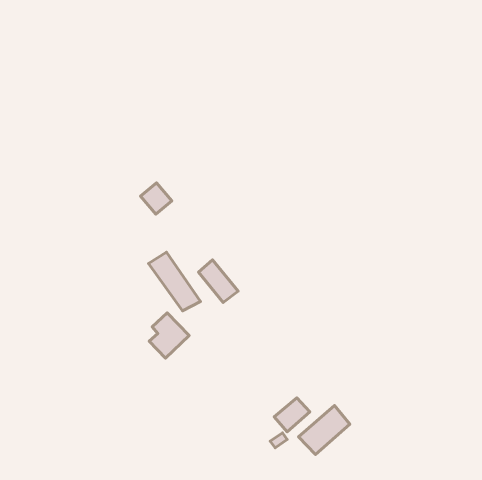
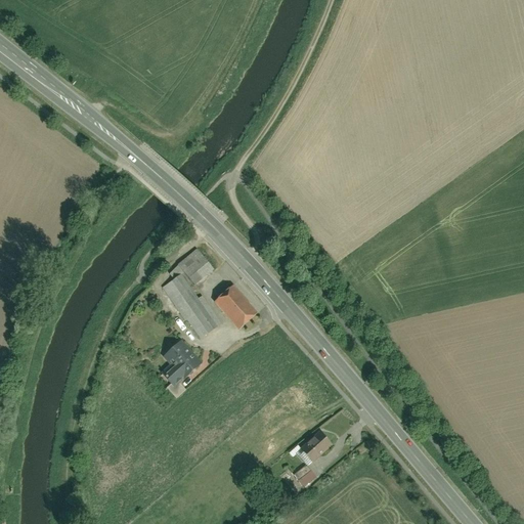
building: [141,183,172,214] -> [178,249,212,282]
building: [299,406,350,455] -> none

